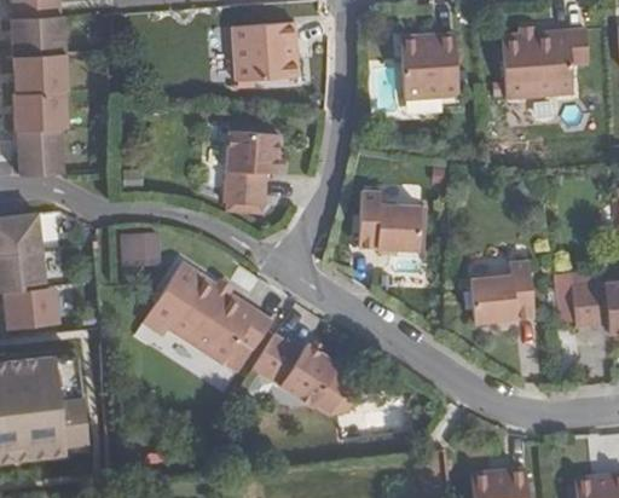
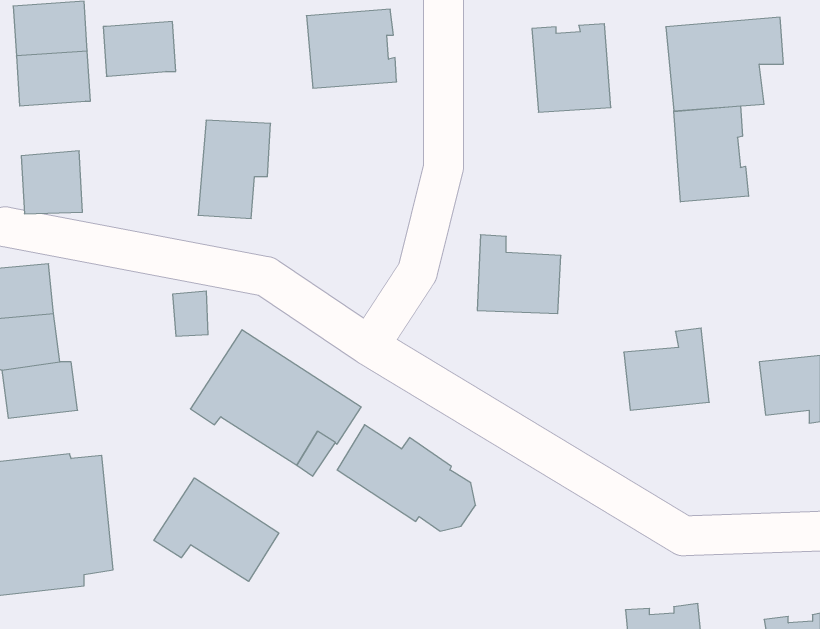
building: [13,91,68,132] -> [103,22,176,76]
building: none -> [674,106,749,202]
building: [225,132,279,205] -> [198,120,271,218]
building: none -> [154,478,279,581]

